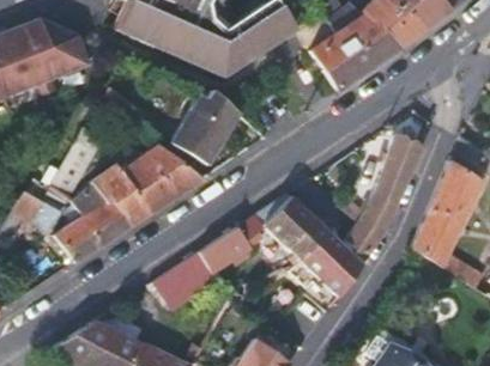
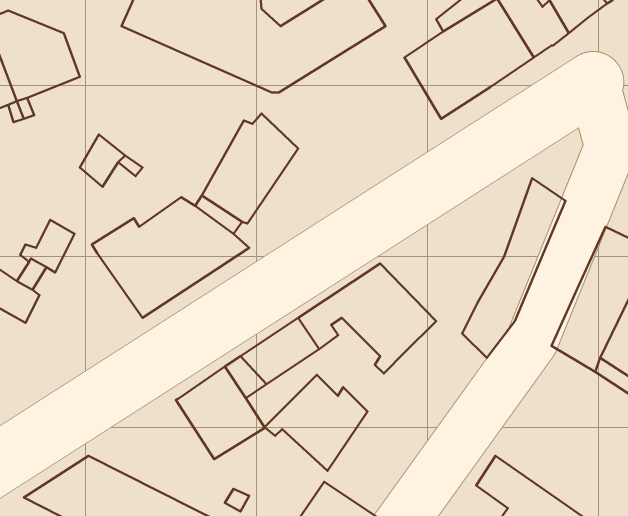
building: [56,184,131,266] -> none
building: [296,231,367,297] -> [265,375,368,471]

